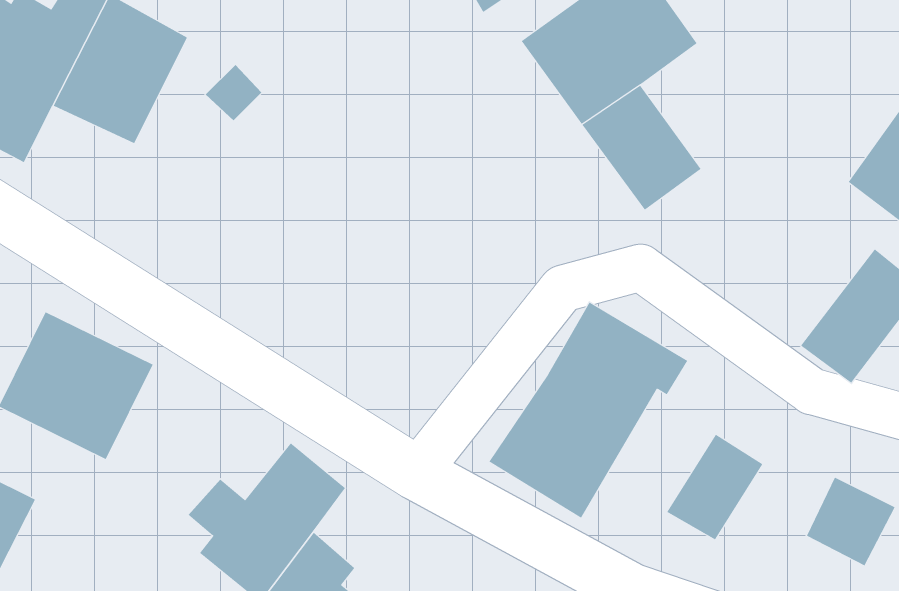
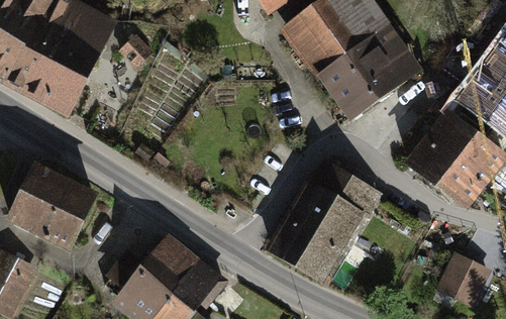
building: none -> [352,27,415,94]
building: none -> [25,61,84,112]
building: none -> [411,116,477,188]
building: [666,434,763,540] -> none
building: none -> [179,263,224,308]

